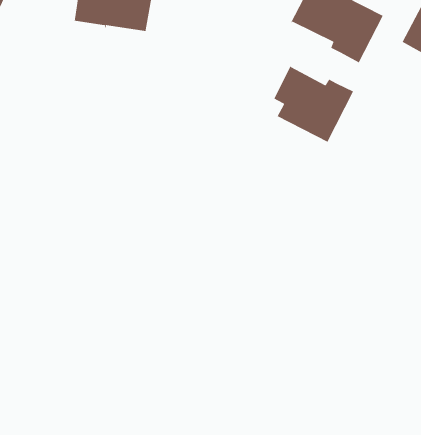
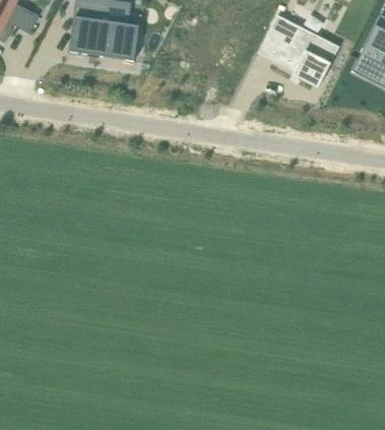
building: [273,65,354,143] -> none

